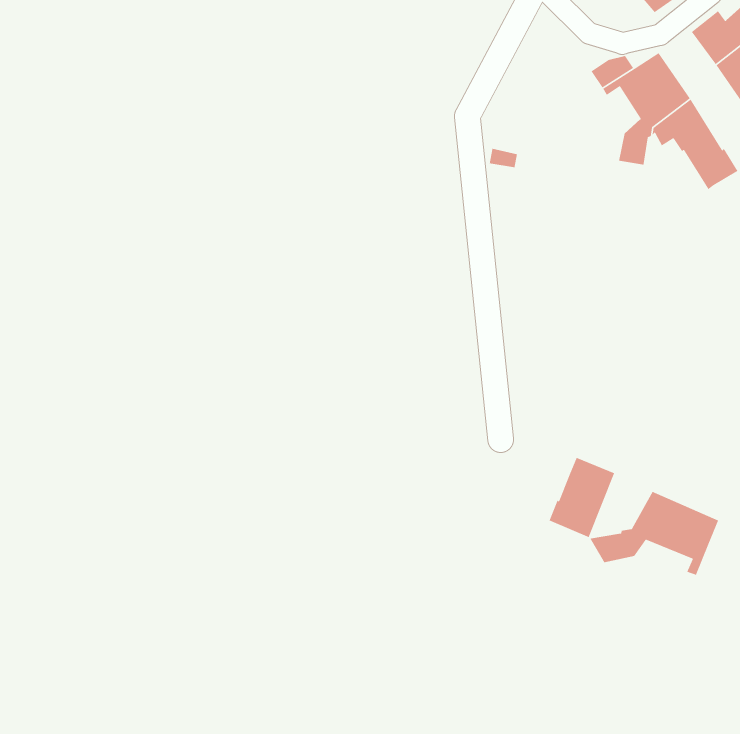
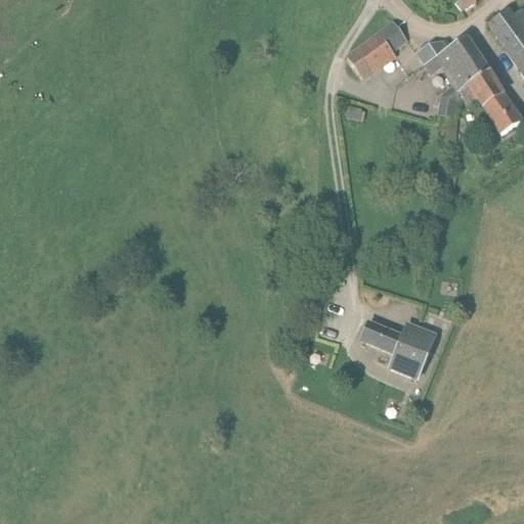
building: none -> [346,23,405,78]
building: none -> [361,321,402,353]
building: [589,491,719,576] -> none

